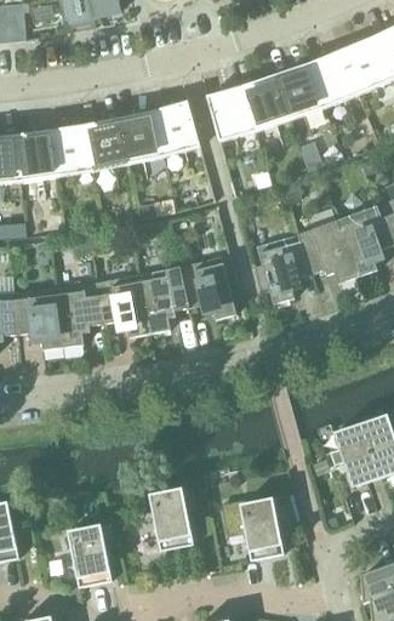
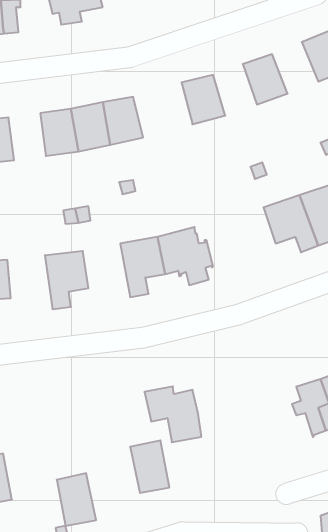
building: [307,50,358,107] -> none
building: [241,74,290,131] -> none
building: [153,101,200,155] -> none
building: [15,129,56,181] -> none
building: [252,233,310,303] -> none
building: [97,273,149,336] -> none
building: [13,286,63,349] -> none
building: [219,497,282,559] -> [144,386,201,442]

